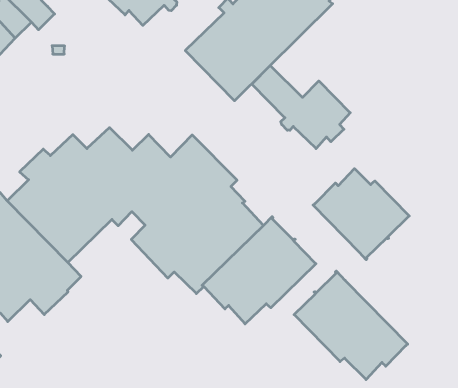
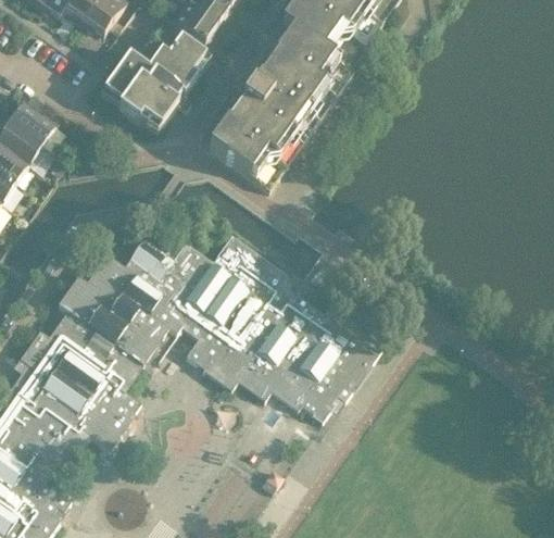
building: [252,66,350,149] -> none
building: [313,169,409,260] -> none
building: [294,271,408,380] -> none

